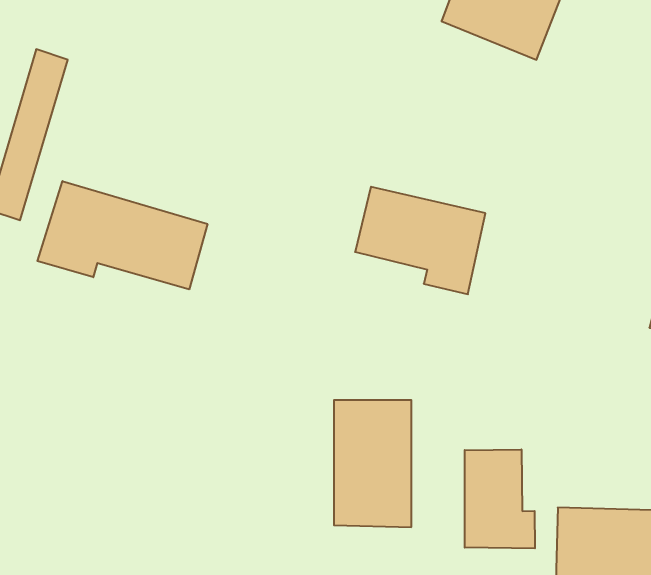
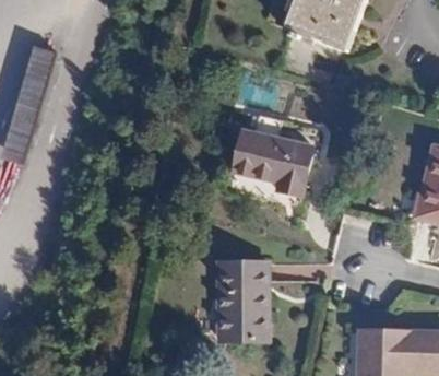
building: [37,181,207,289] -> none
building: [465,449,535,548] -> none

